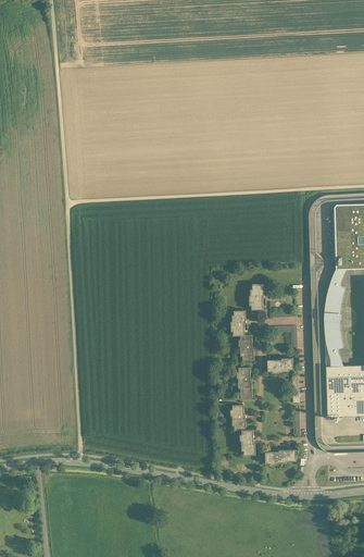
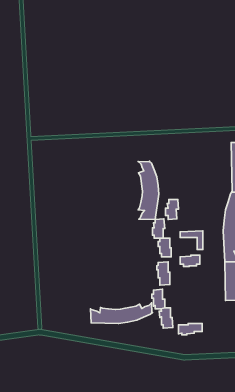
building: none -> [138,161,159,220]
building: none -> [90,303,153,323]

